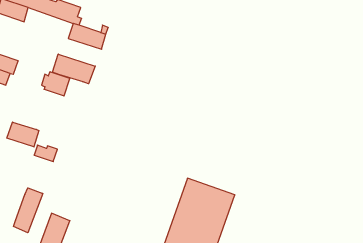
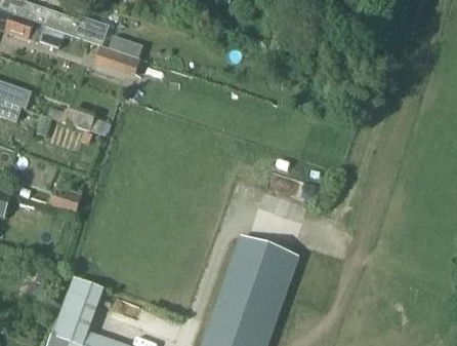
building: [52,54,95,84] -> none
building: [7,122,39,147] -> none
building: [13,188,43,233] -> none

